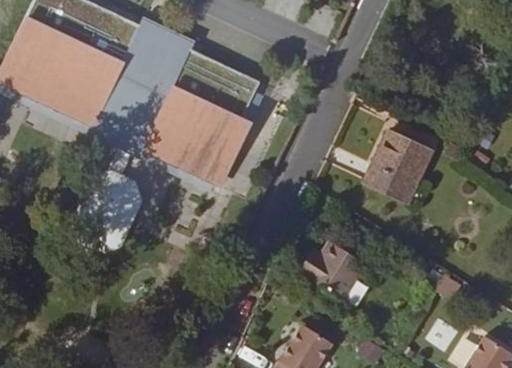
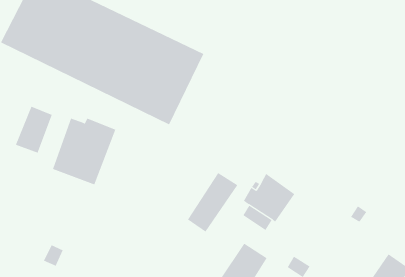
building: [358,129,429,202] -> none
building: none -> [15,106,53,153]
building: none -> [187,172,238,232]

